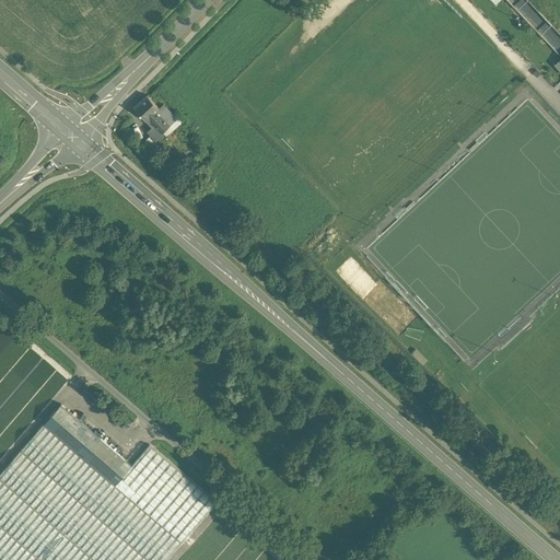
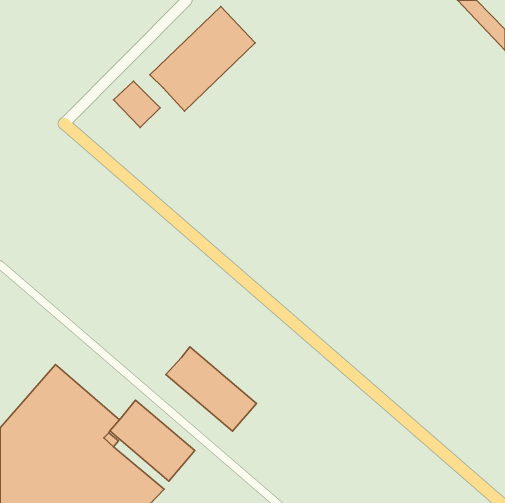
building: none -> [150,7,255,111]
building: none -> [166,347,257,431]

